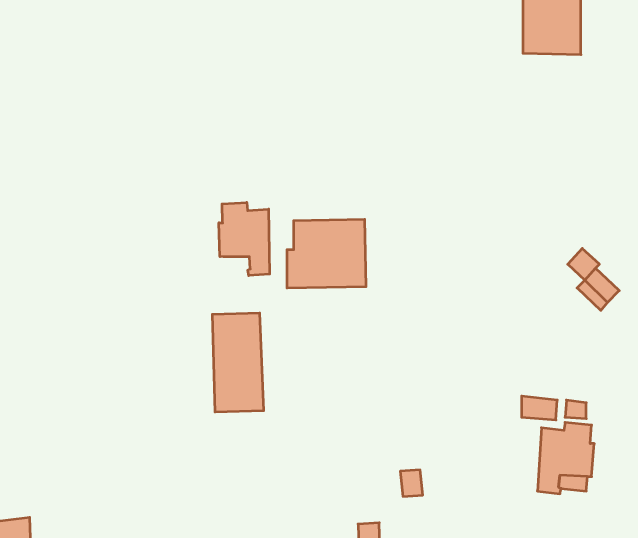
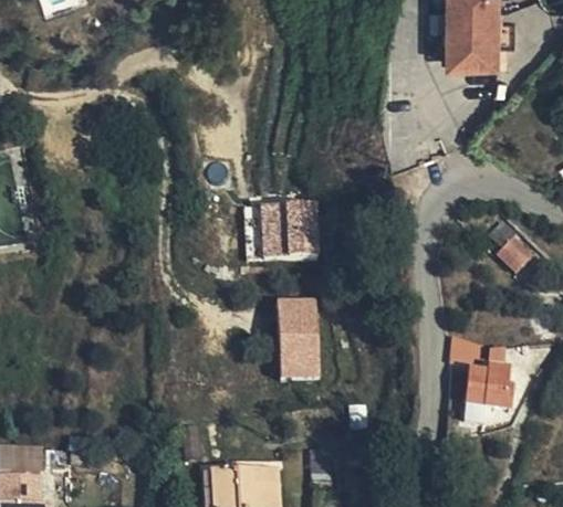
building: [219,202,270,276] -> none
building: [212,313,264,412] -> [278,292,321,374]

